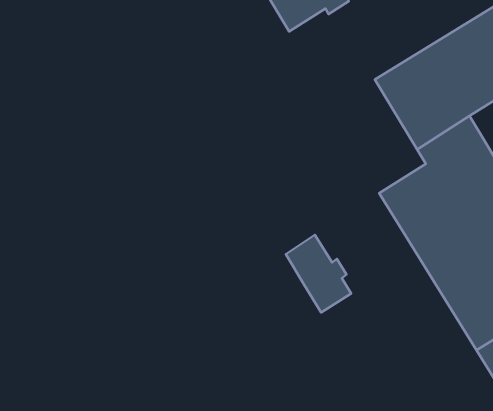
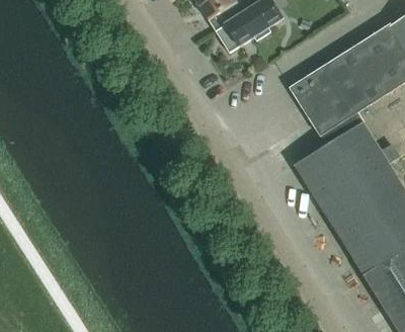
building: [286,235,351,312] -> none

